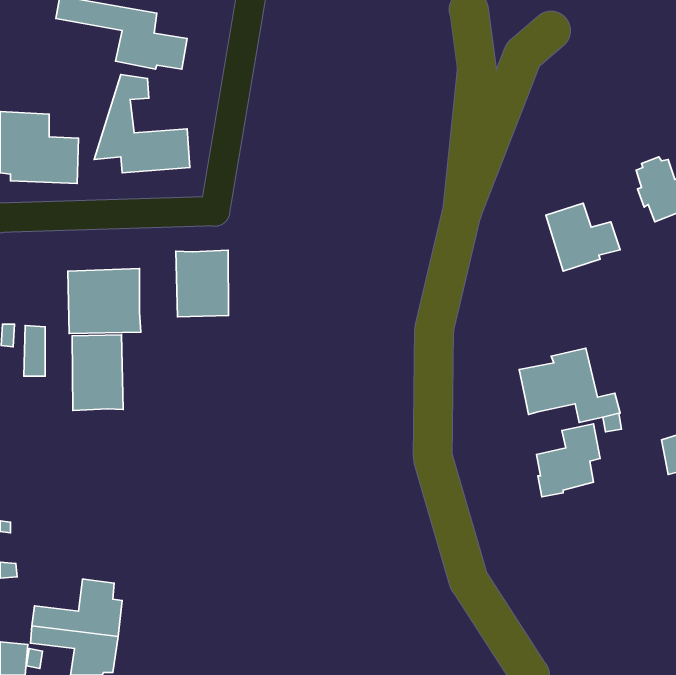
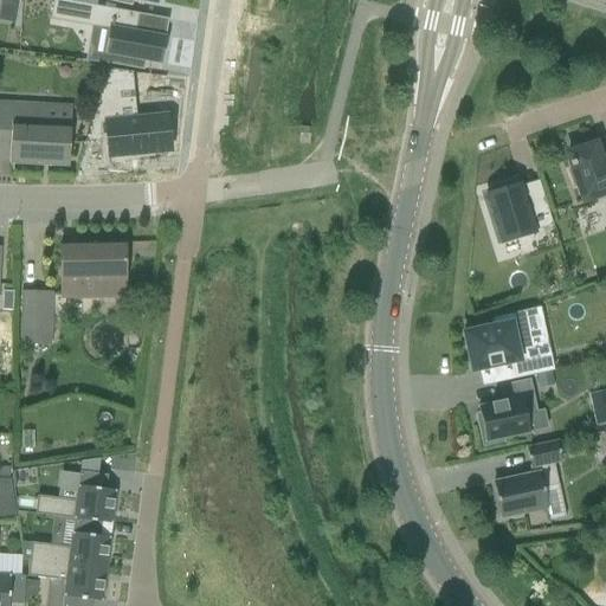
building: [176,250,229,317] -> none
building: [72,335,123,411] -> none
building: none -> [496,439,563,515]
building: none -> [38,470,118,521]

